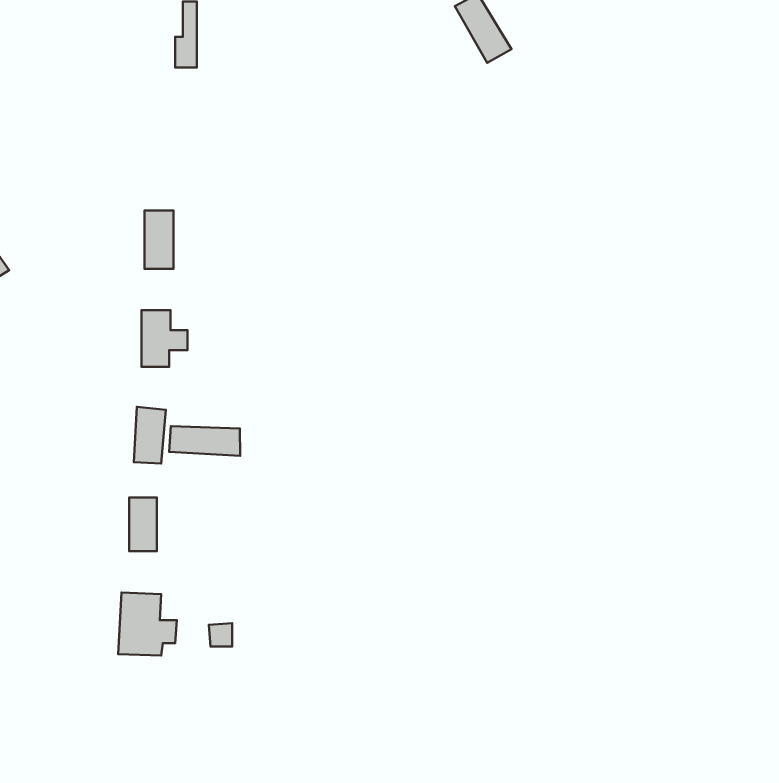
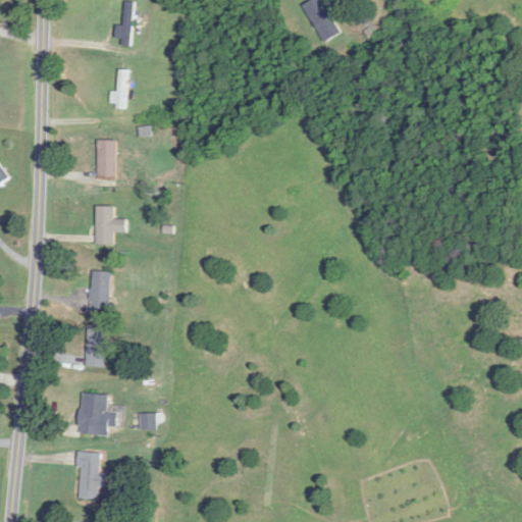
building: none -> [108,69,124,107]
building: [169,426,240,456] -> none
building: none -> [75,452,101,500]

